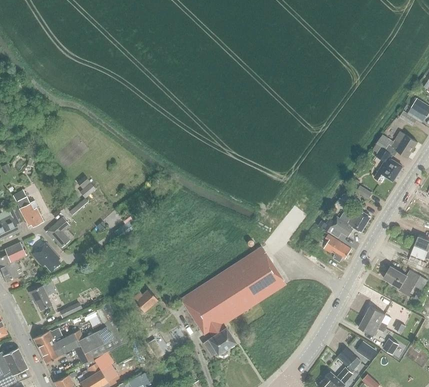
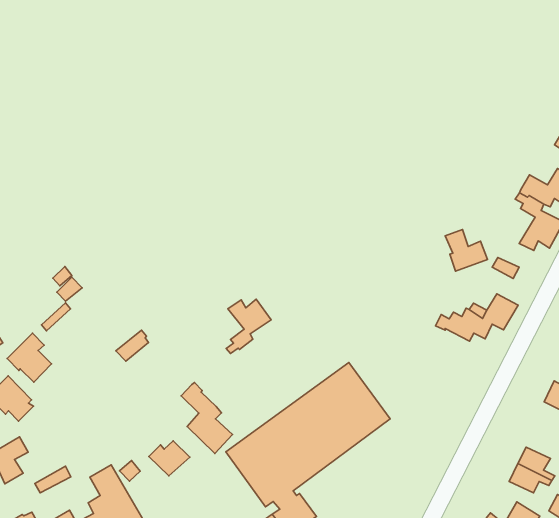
building: none -> [445,229,487,271]
building: none -> [226,299,271,354]
building: [323,233,351,262] -> none
building: none -> [181,382,233,453]

